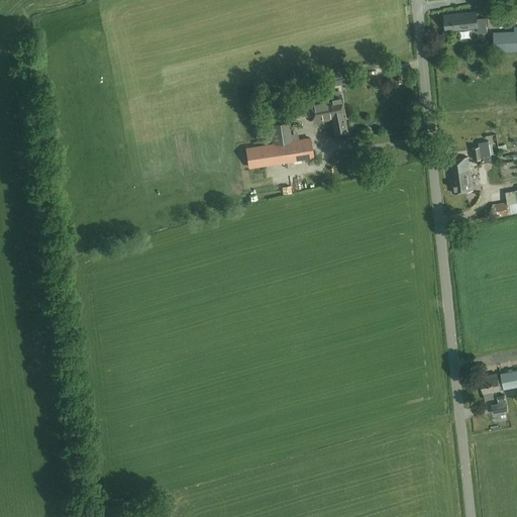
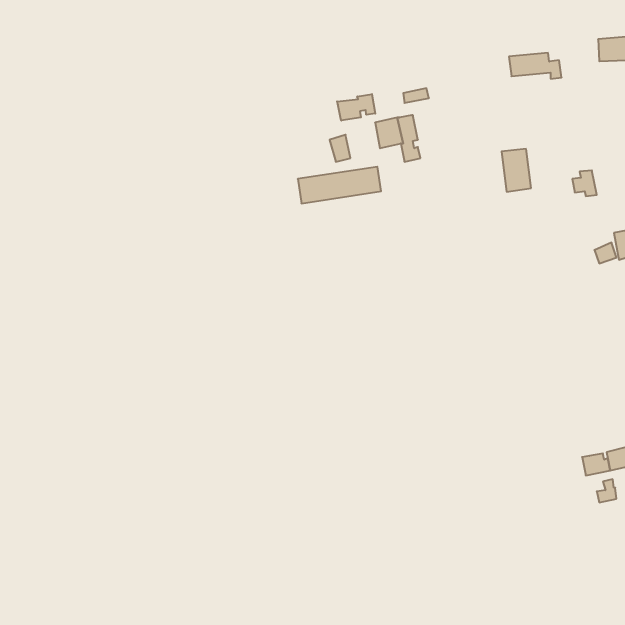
building: [444,12,488,33] -> [509,53,562,79]
building: none -> [337,94,375,121]
building: [449,159,474,194] -> [502,149,531,192]

